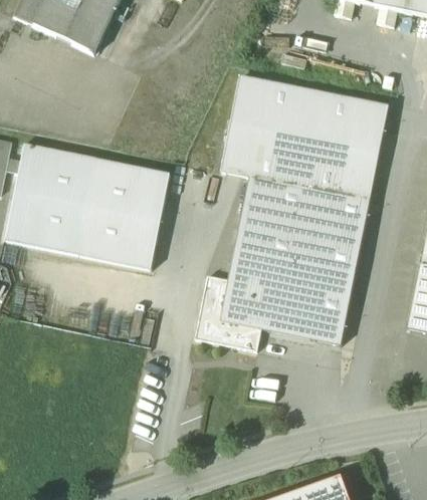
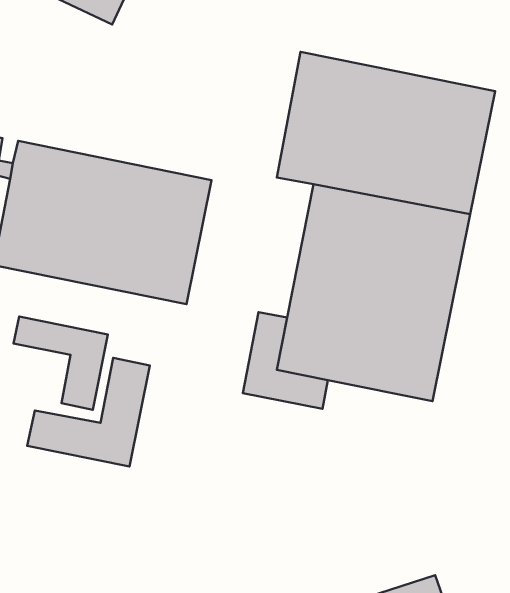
building: none -> [13,317,108,410]
building: none -> [27,358,150,466]

